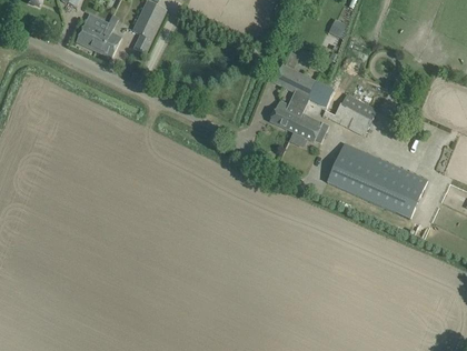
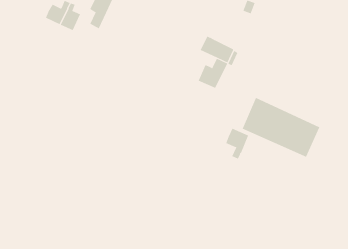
building: [332,93,377,133] -> none
building: [294,112,330,143] -> none
building: none -> [226,128,249,160]

